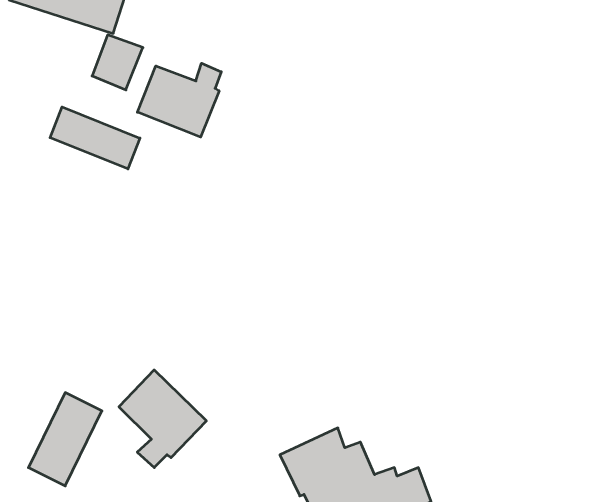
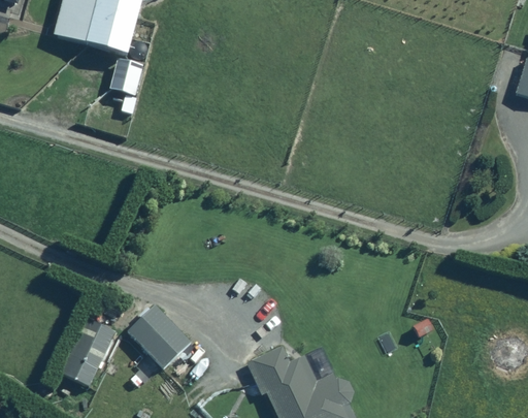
building: [137,63,221,137] -> none
building: [50,107,140,169] -> none

